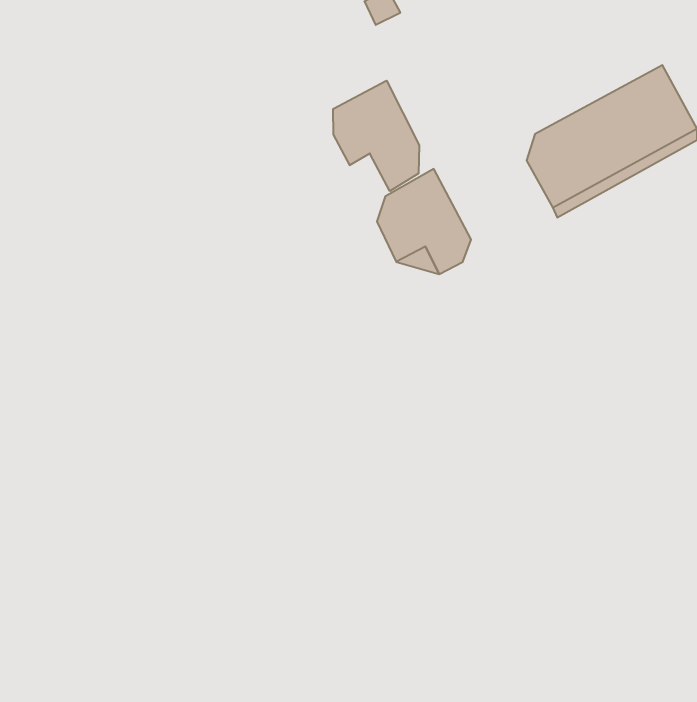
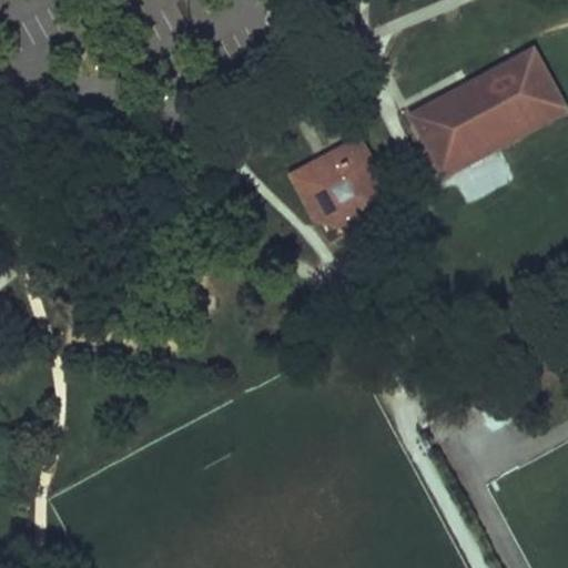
building: [333,81,419,191] -> none

